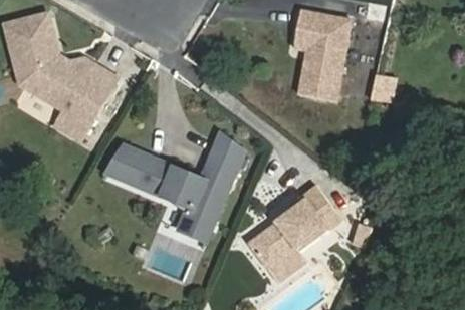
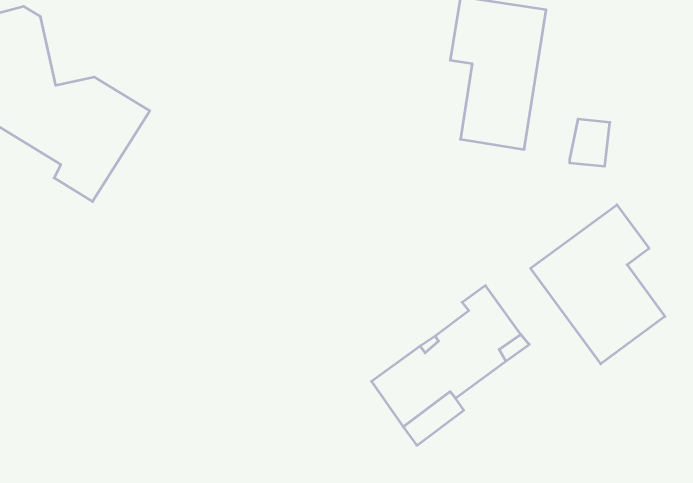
building: [105,133,242,242] -> none
building: none -> [531,205,665,364]

